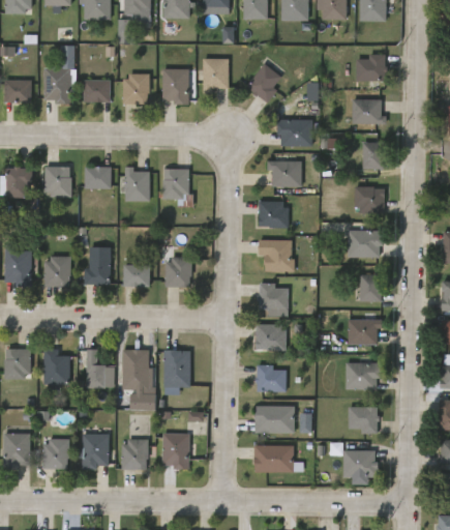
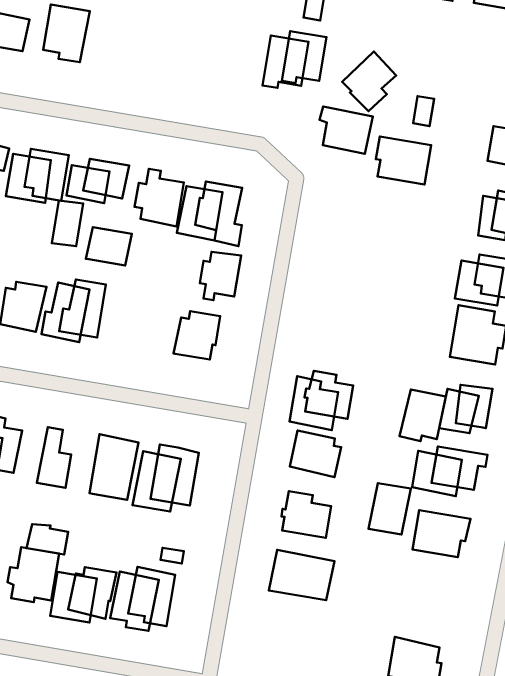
building: [162,67,189,105] -> none
building: [122,72,149,104] -> none
building: [83,79,110,101] -> none
building: [267,159,302,186] -> [319,106,373,154]
building: none -> [52,200,83,246]
building: [259,200,288,228] -> none
building: none -> [200,252,241,300]
building: [258,239,294,270] -> none
building: [122,264,150,286] -> [86,227,132,265]
building: none -> [400,390,446,441]
building: none -> [369,483,411,534]
building: [132,390,158,408] -> [26,524,68,554]
building: [348,406,380,433] -> none
building: [253,445,293,472] -> none

